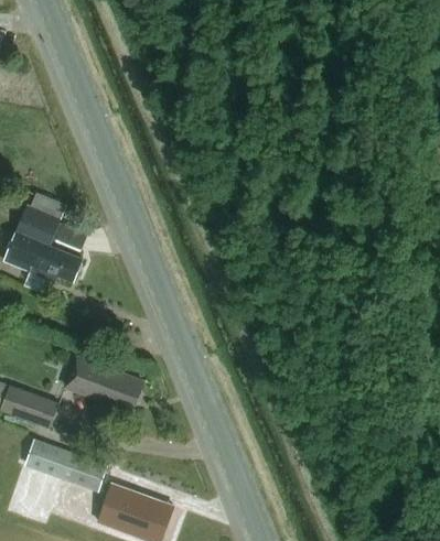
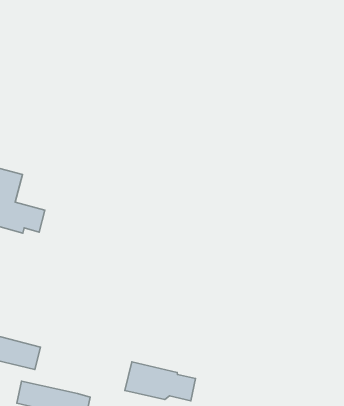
building: [64,357,141,405] -> [125,362,196,401]

